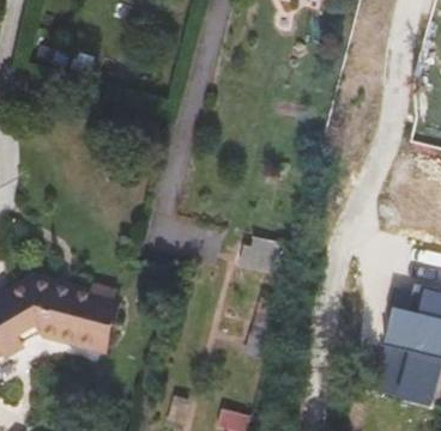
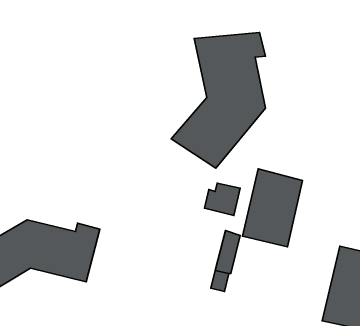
building: none -> [171,33,266,168]
building: none -> [243,169,303,247]

